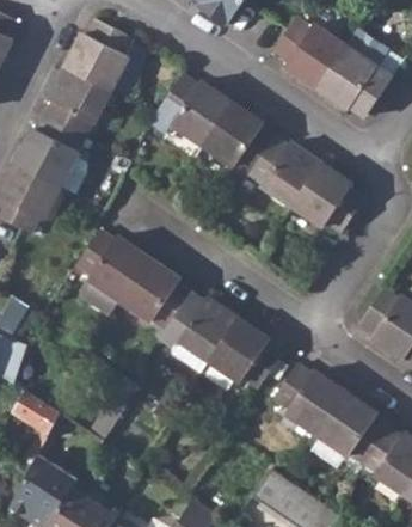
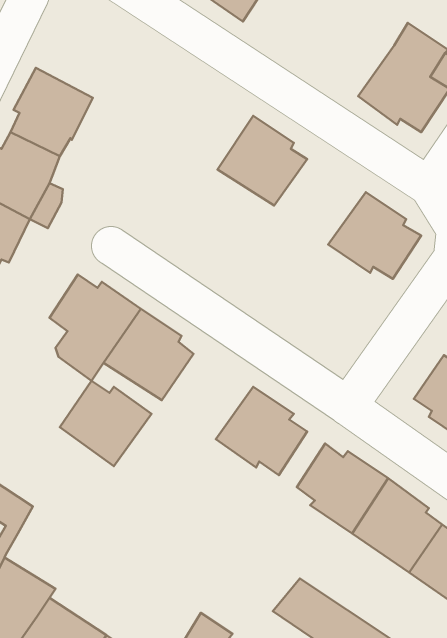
building: [62,16,129,87] -> none
building: [275,17,348,86] -> none
building: [162,73,235,145] -> none
building: [252,136,325,204] -> none
building: [162,292,235,360] -> [60,381,151,466]

